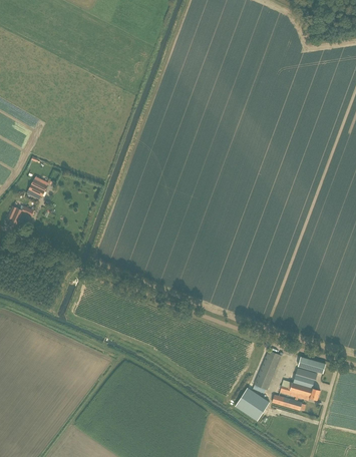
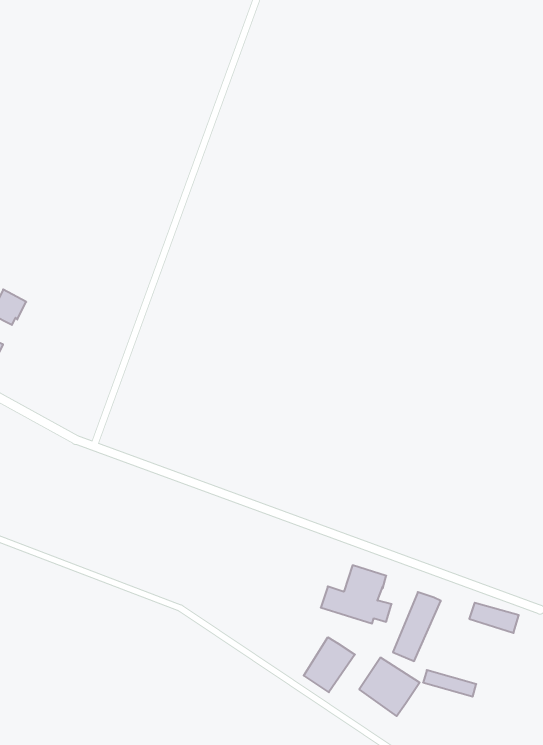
building: [280,367,320,400] -> [321,565,392,624]
building: none -> [304,637,355,692]

